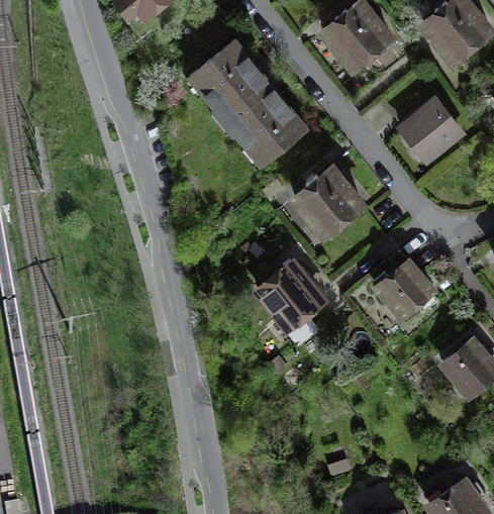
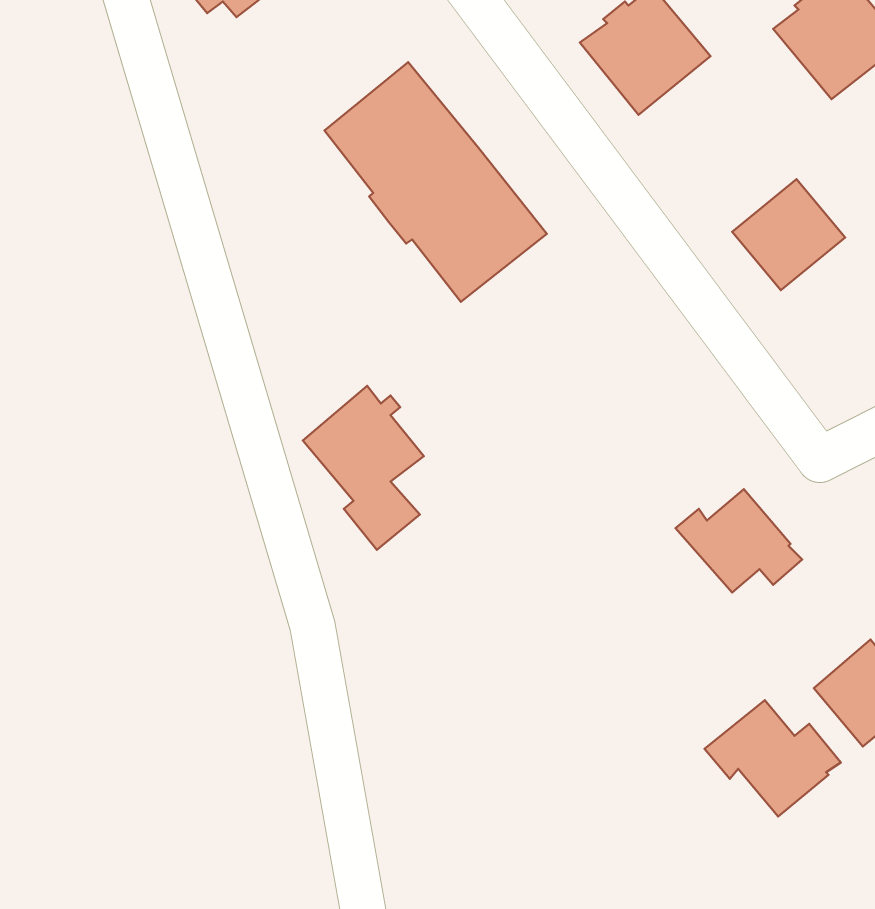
building: [295,168,362,234] -> none
building: [259,263,321,347] -> [303,386,424,550]
building: none -> [704,700,841,817]

